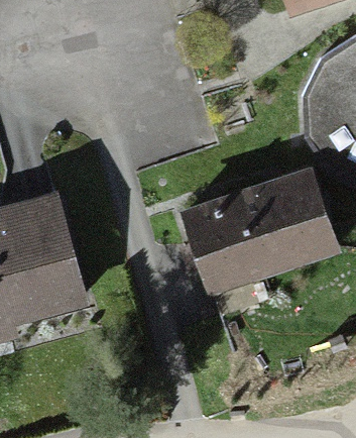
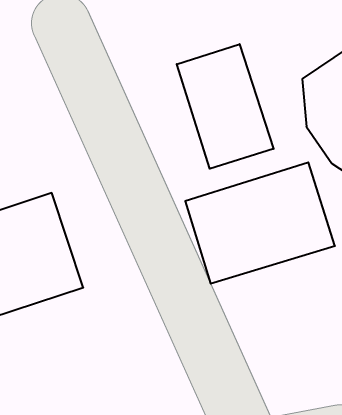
building: none -> [177,44,274,169]

